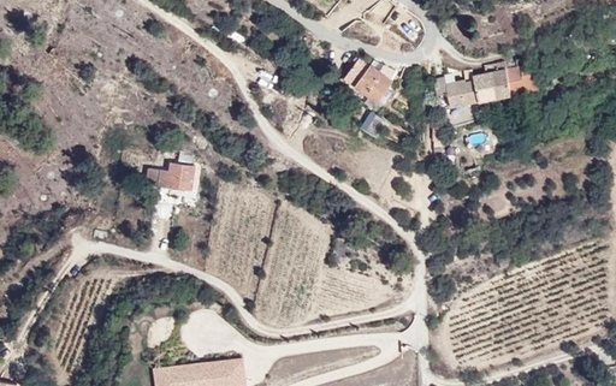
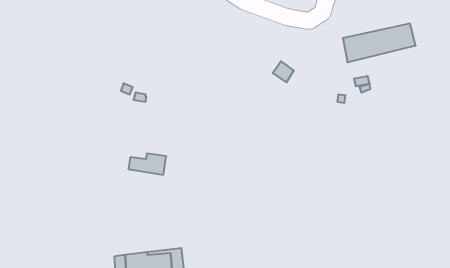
building: [339,54,398,108] -> none
building: [144,164,194,191] -> [128,154,166,175]

